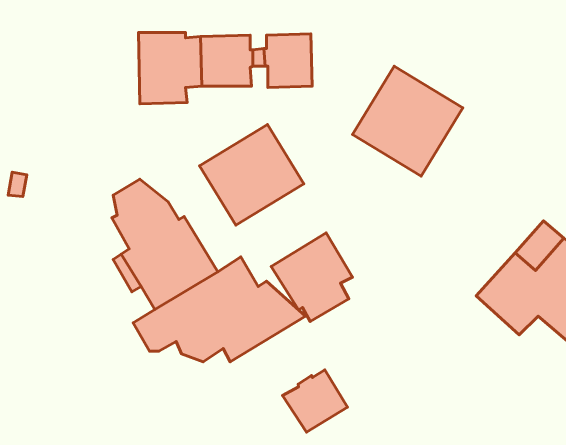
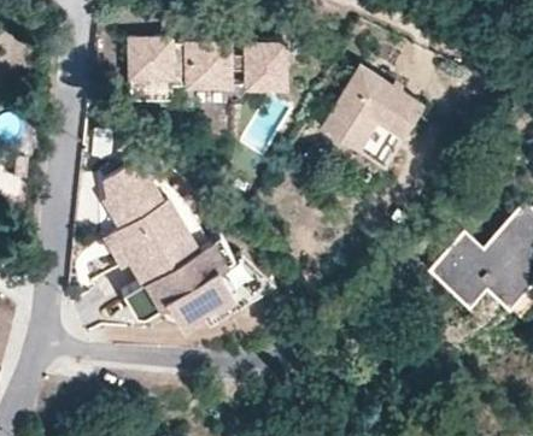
building: [199,124,304,225] -> none
building: [271,233,352,322] -> none
building: [282,370,348,432] -> none

